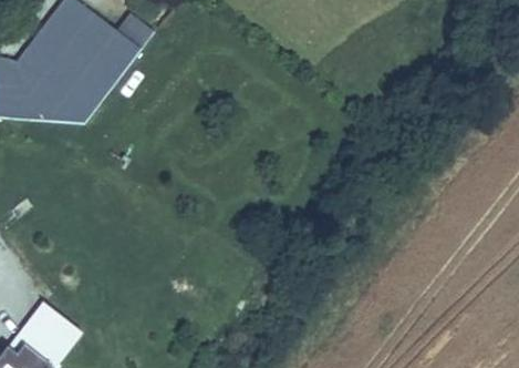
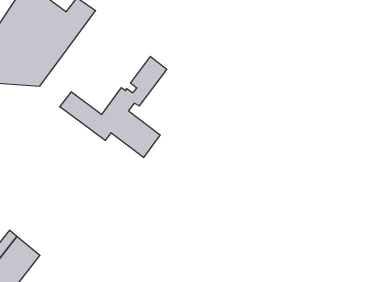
building: none -> [60,56,167,158]

